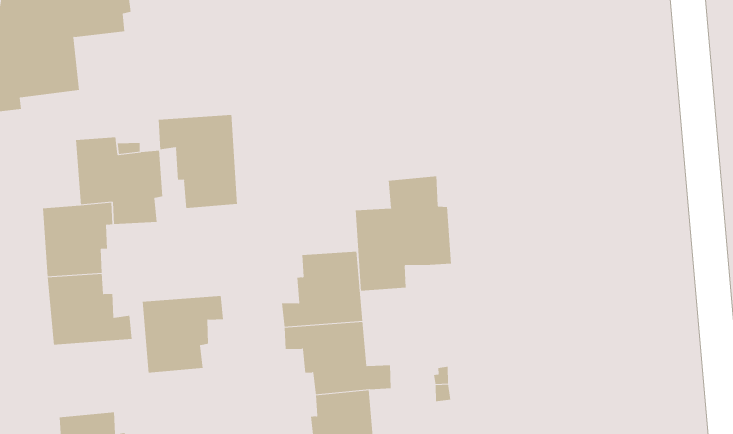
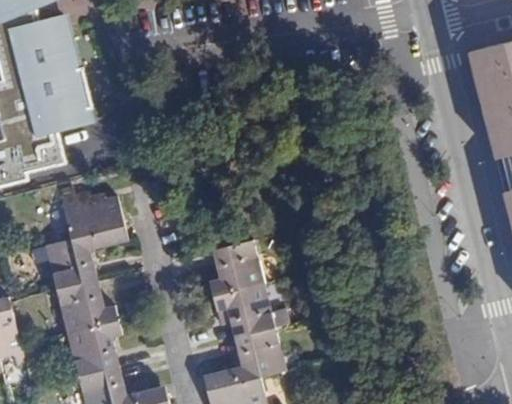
building: [158,114,237,209] -> none
building: [355,176,451,292] -> none
building: [142,296,224,373] -> [69,319,123,376]

